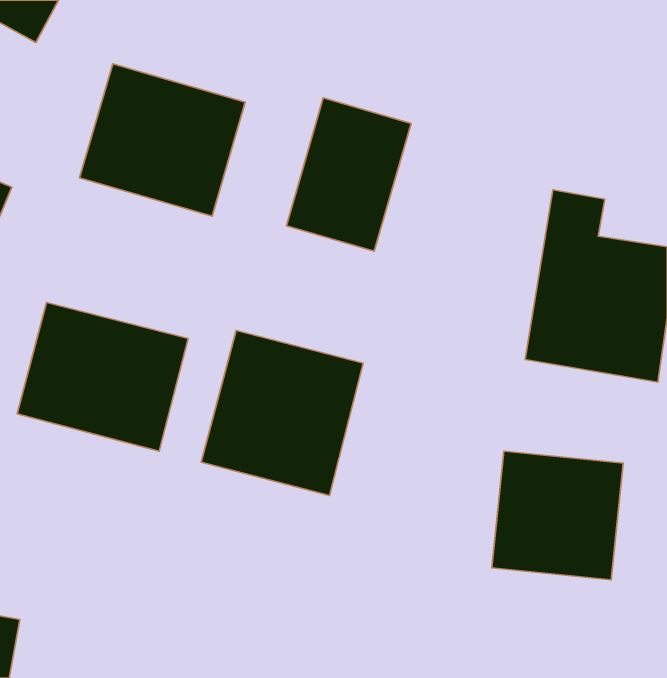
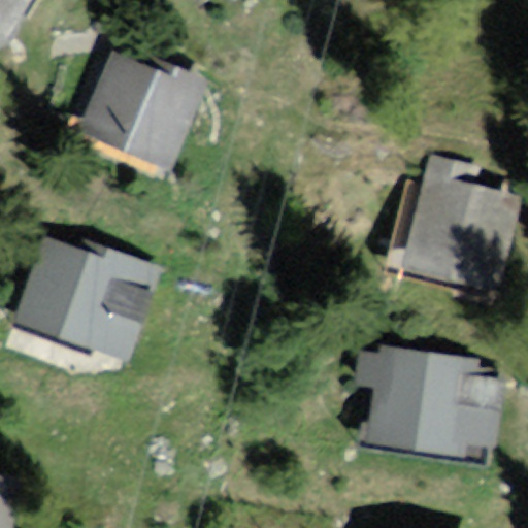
building: [286,98,411,251] -> none
building: [201,331,363,495] -> none

